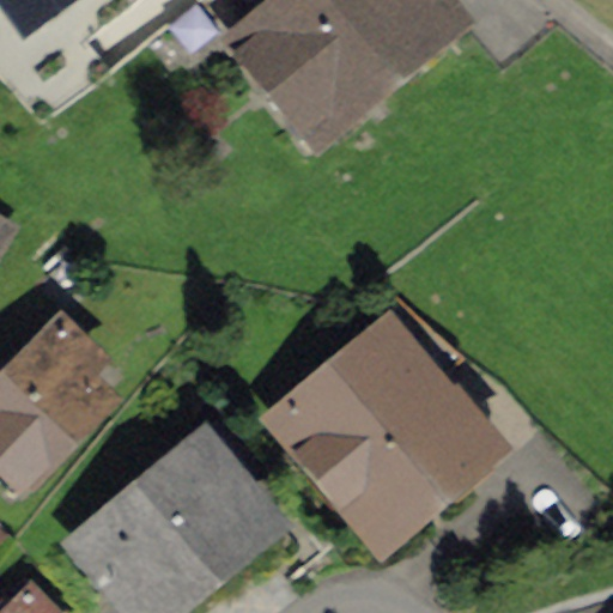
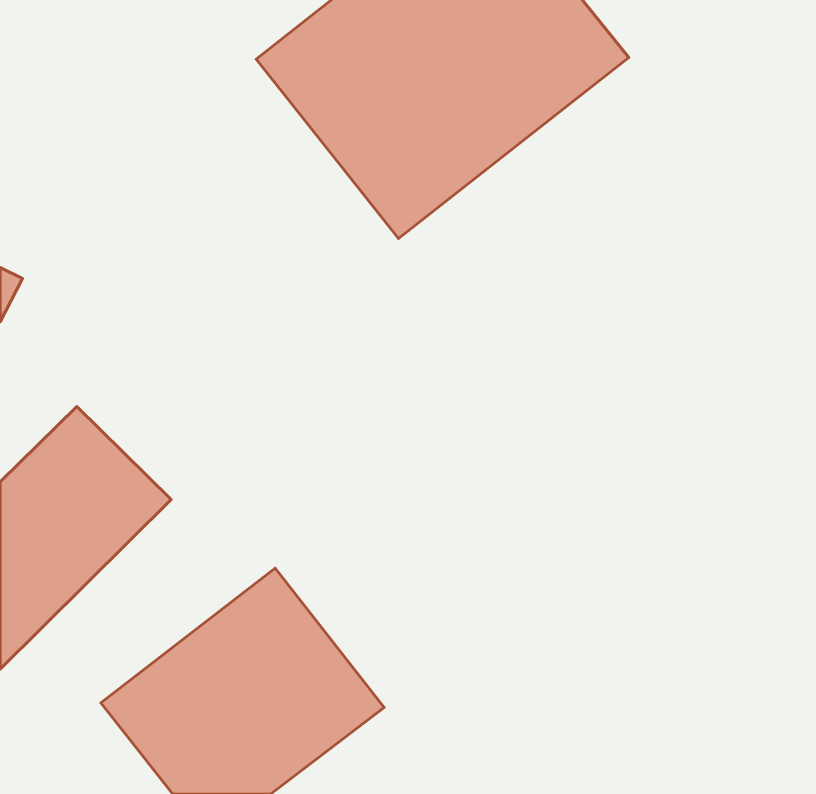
building: [277,316,499,541] -> none

